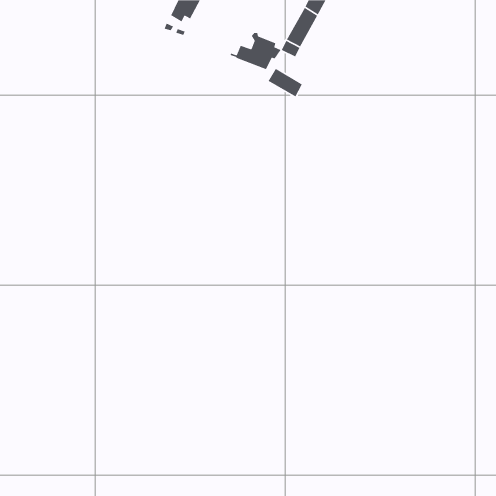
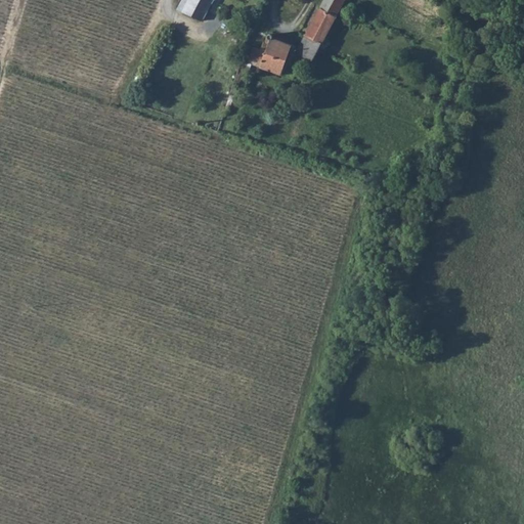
building: [267,68,303,98] -> none

